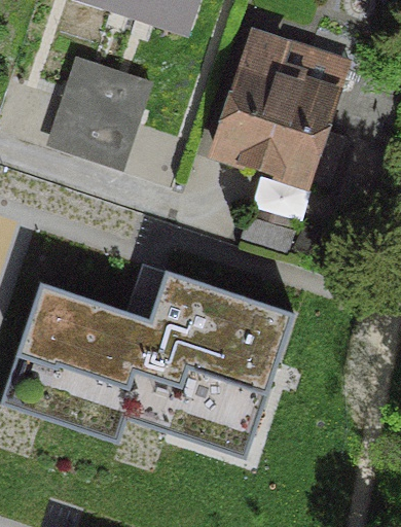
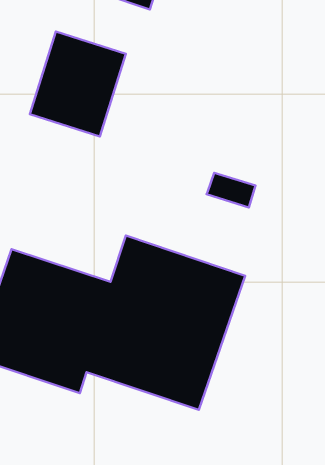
building: [209,37,327,181] -> none

